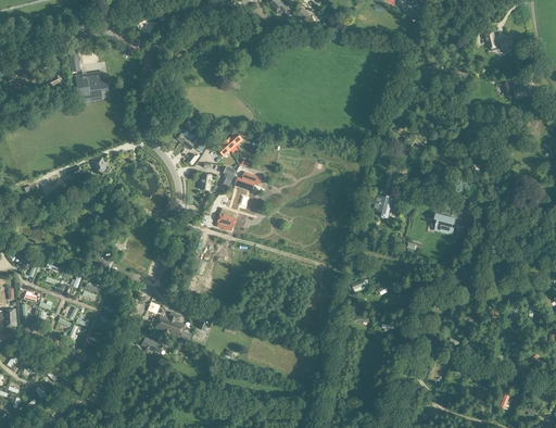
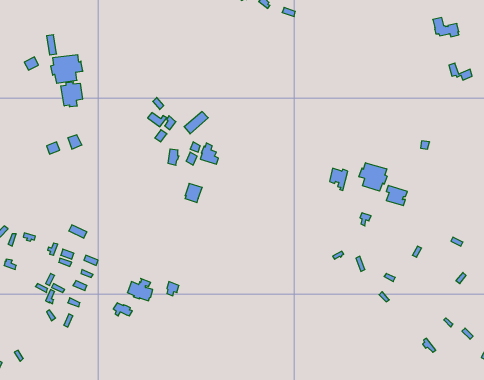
building: none -> [61,82,82,107]
building: none -> [359,163,387,191]

